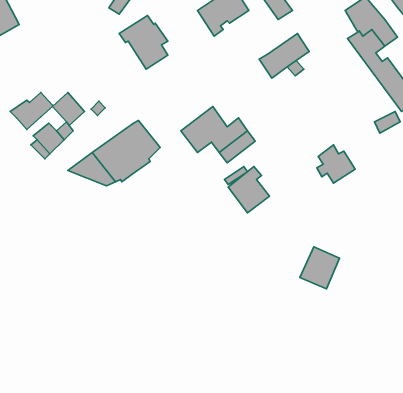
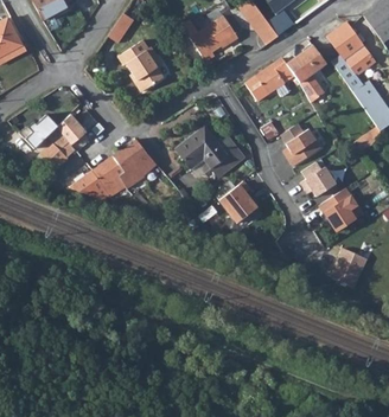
building: none -> [287,45,325,103]
building: none -> [281,123,321,166]
building: none -> [320,188,357,231]
building: [300,247,339,289] -> [331,248,368,287]

